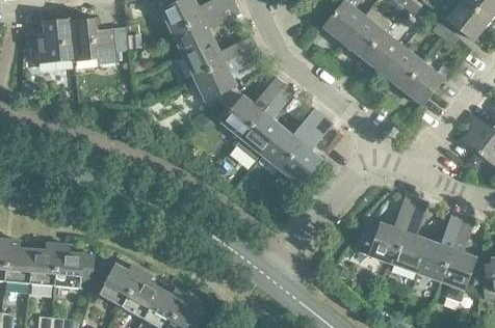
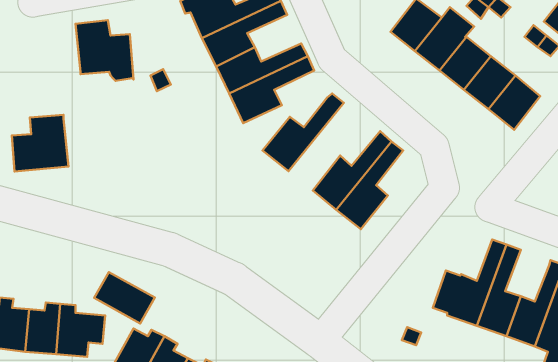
building: [28,18,74,63] -> [12,115,69,172]
building: [241,84,295,155] -> none
building: none -> [94,272,155,323]

